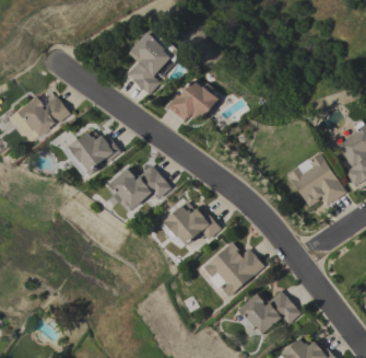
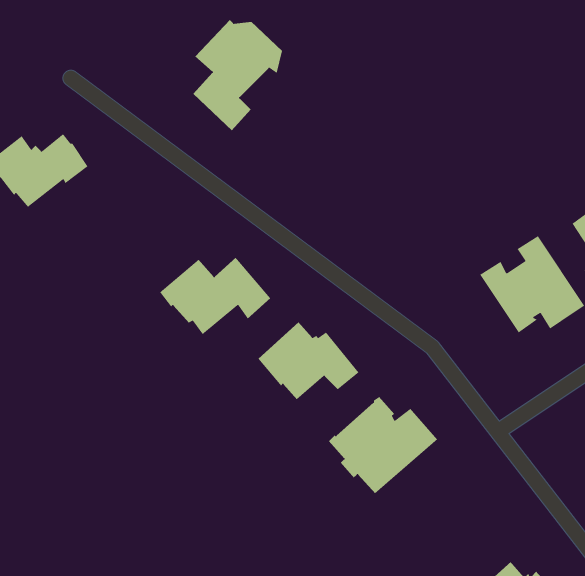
building: [167,79,220,119] -> none
building: [64,131,121,173] -> none
building: [238,290,300,334] -> none

